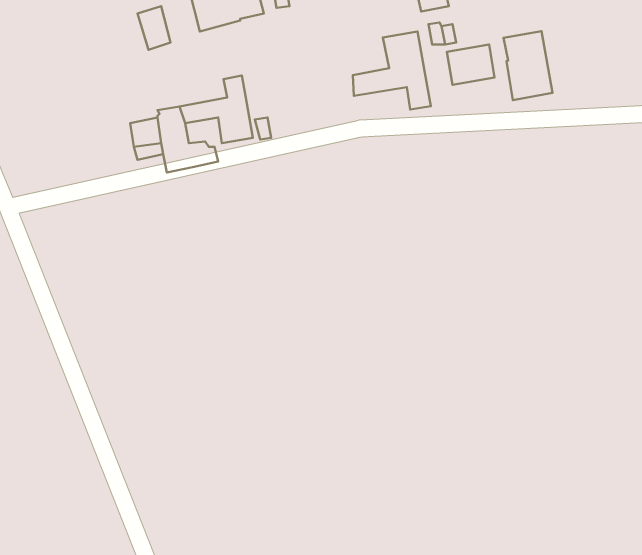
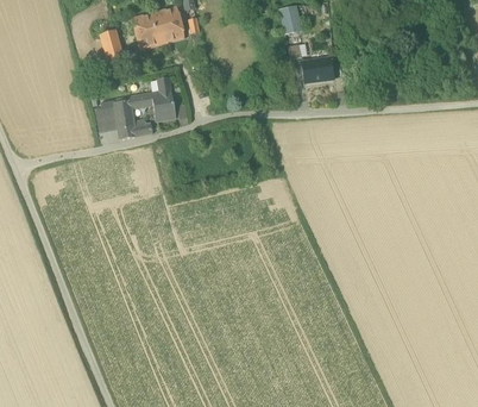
building: [504,31,552,100] -> none
building: [353,31,431,109] -> none

